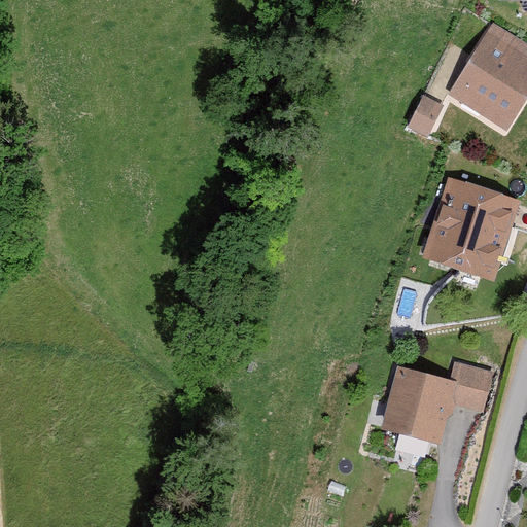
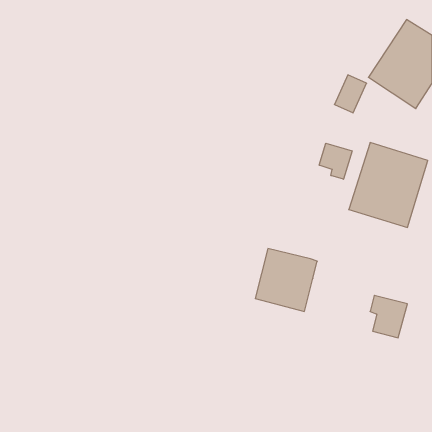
building: none -> [319,143,352,179]
building: [382,367,457,444] -> [255,249,317,311]

